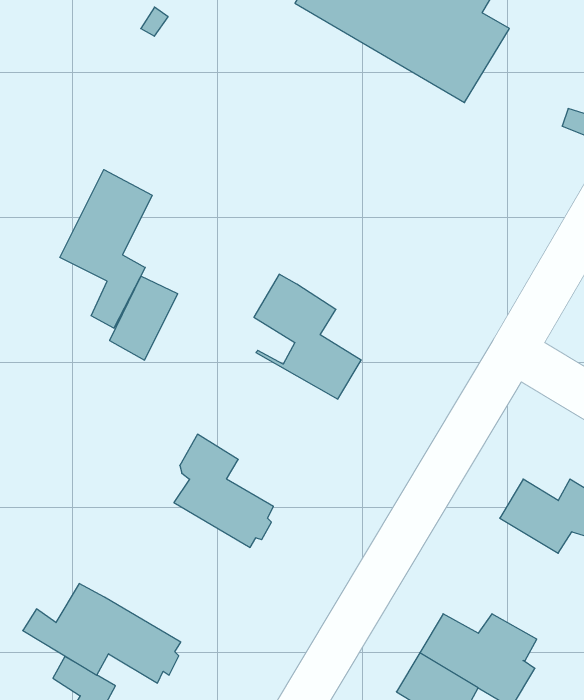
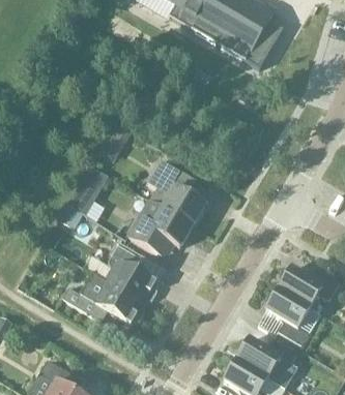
building: [60,170,152,328] -> none
building: none -> [128,199,193,255]
building: none -> [266,286,310,344]
building: [23,584,181,683] -> [62,271,146,324]

